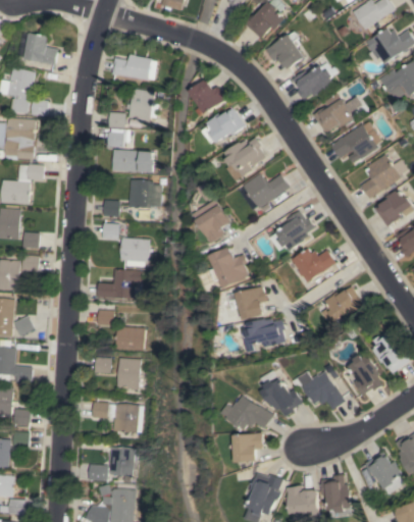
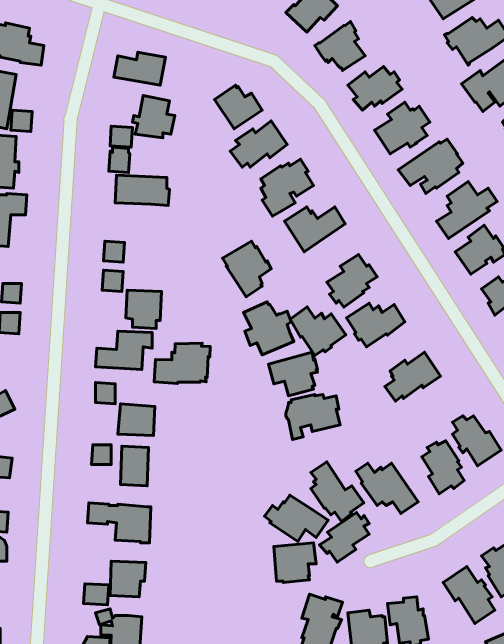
building: [128,179,160,208] -> none
building: none -> [290,307,346,355]
building: none -> [154,343,210,384]
building: none -> [320,513,369,562]

